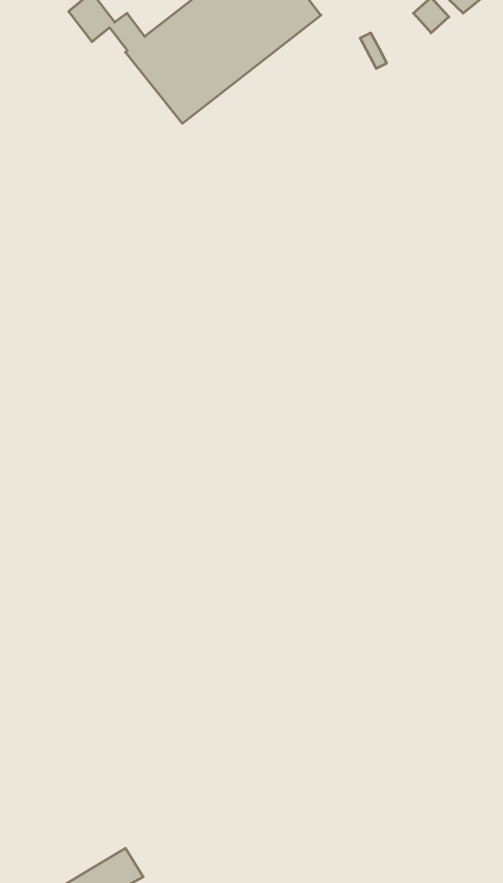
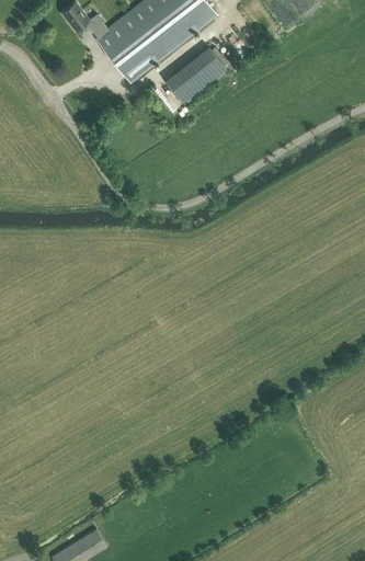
building: none -> [161,45,225,103]

